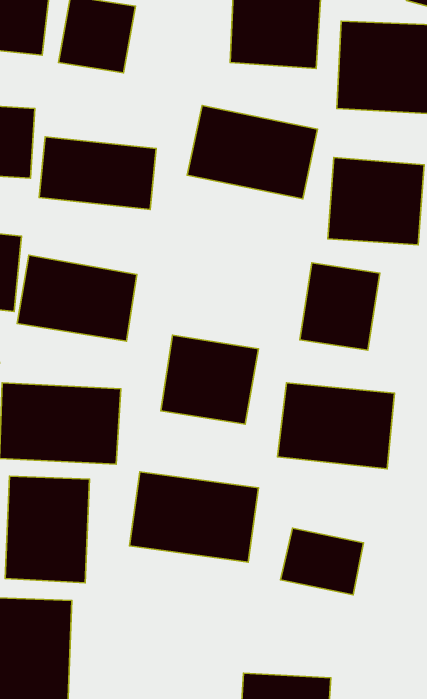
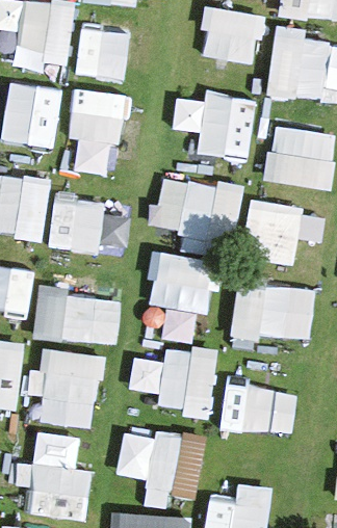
building: none -> [158,181,244,228]
building: none -> [114,425,206,494]

